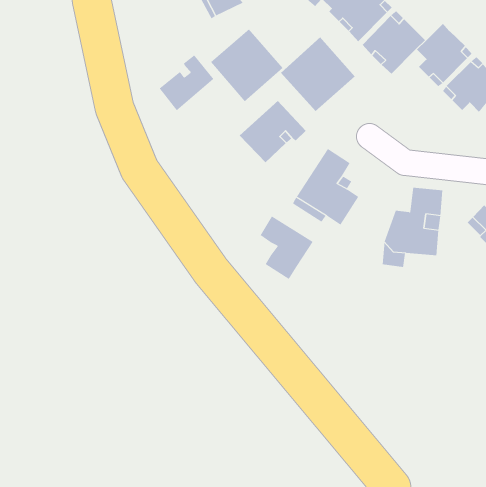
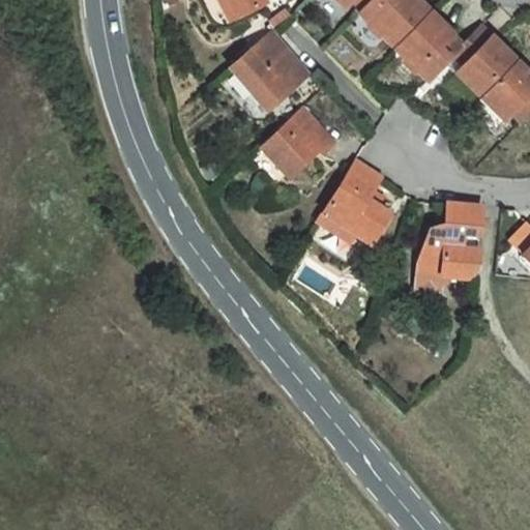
building: [280,37,355,112] -> none
building: [159,54,214,111] -> none
building: [260,216,313,280] -> none

